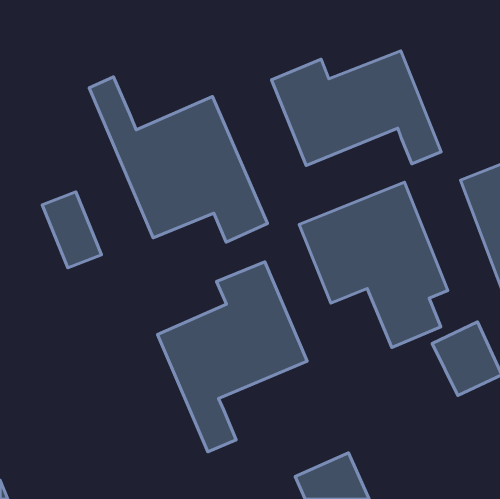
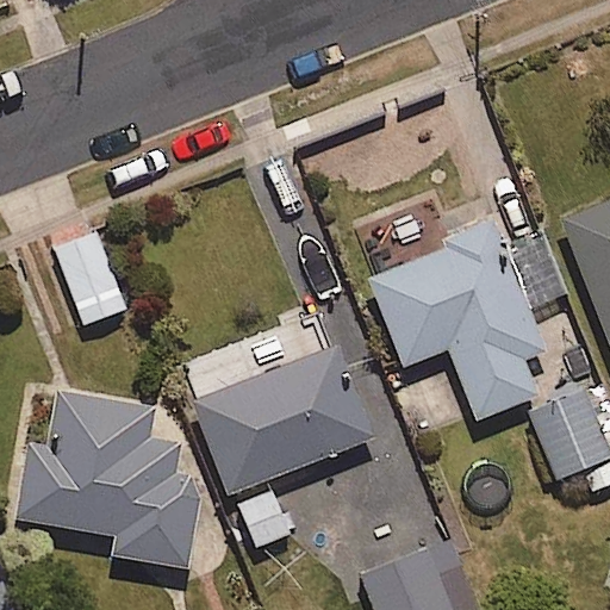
building: [272,51,441,165] -> none
building: [89,77,267,242] -> none
building: none -> [15,396,200,568]

